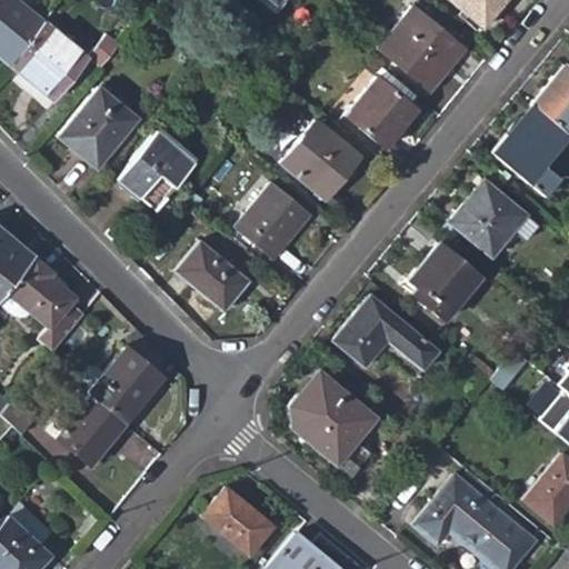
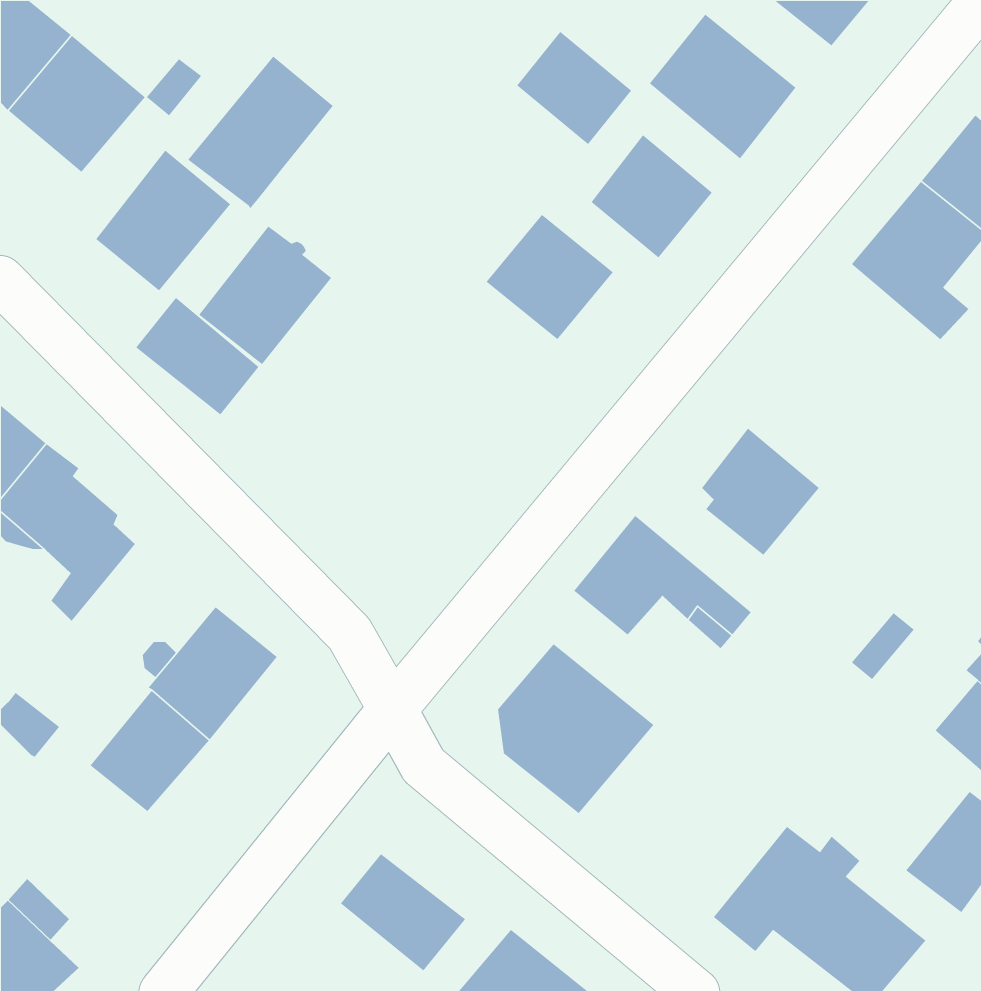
building: none -> [516,31,632,145]
building: none -> [187,55,334,209]
building: [449,181,539,256] -> none
building: [236,183,310,259] -> none
building: [176,242,247,310] -> [135,297,260,415]

